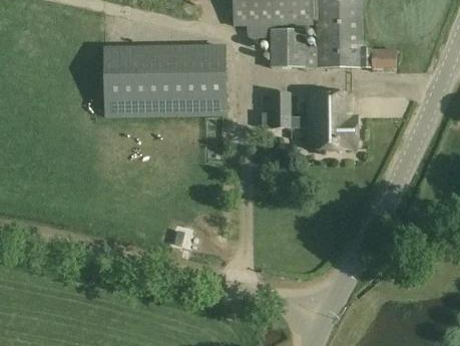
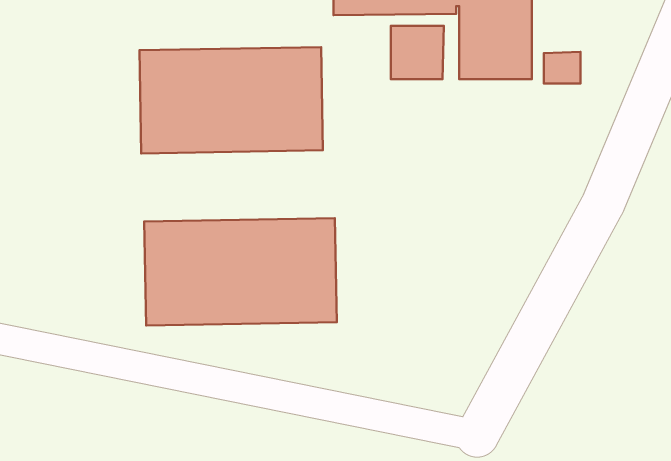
building: [271,91,357,148] -> none
building: none -> [144,218,337,326]

